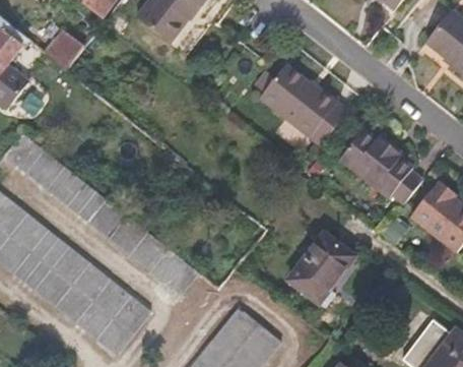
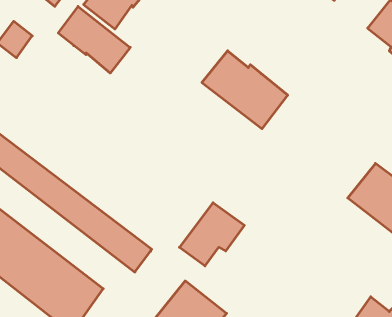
building: none -> [58,6,130,73]
building: [338,131,420,204] -> none
building: [289,234,356,299] -> [179,203,244,266]

